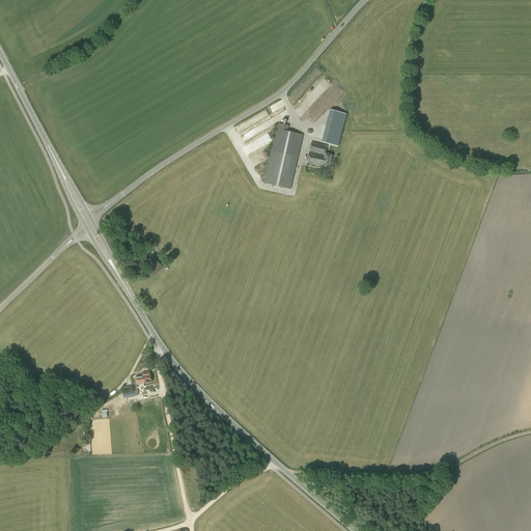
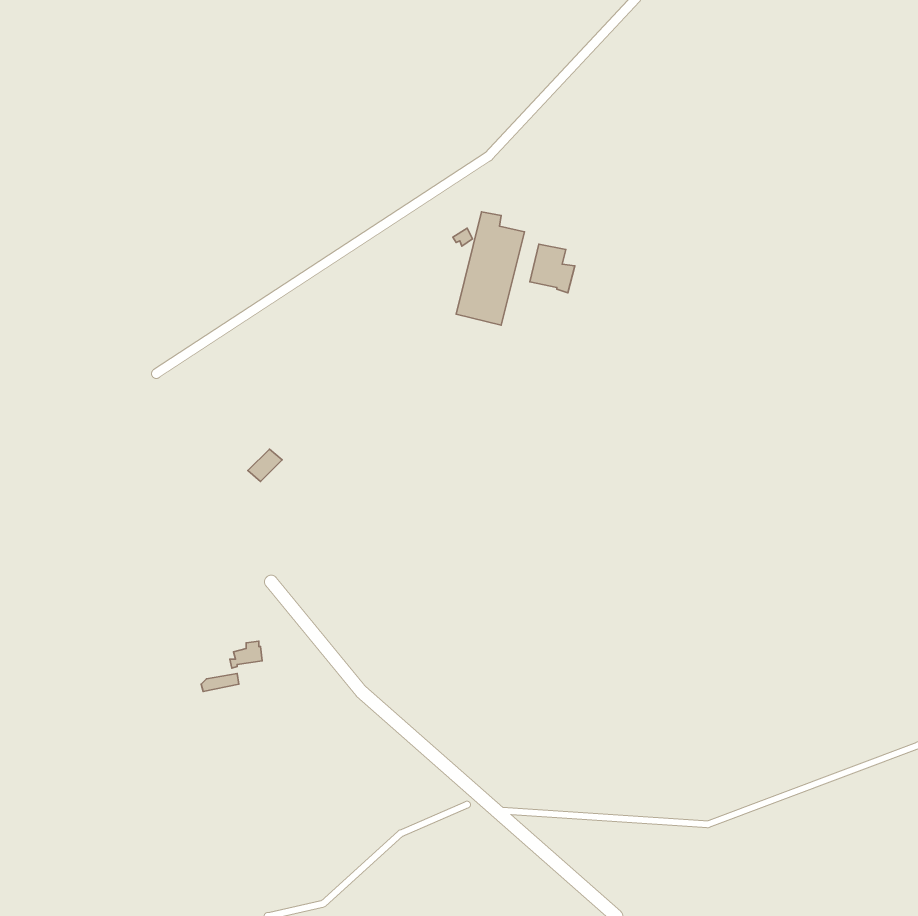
building: [322,109,346,146] -> none

